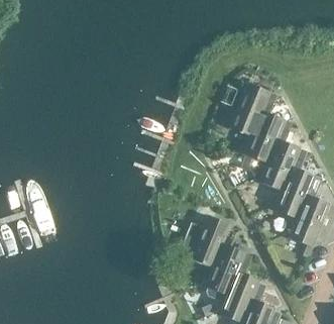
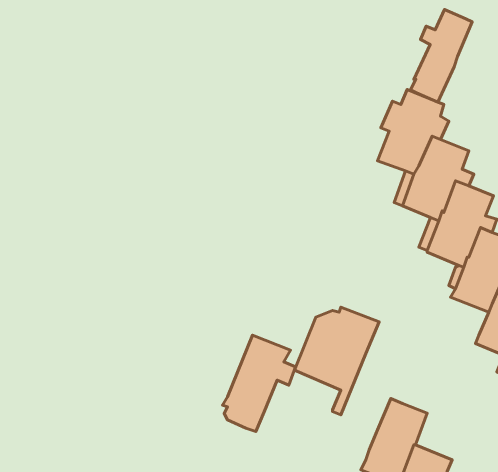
building: none -> [410,10,472,102]
building: [206,243,250,302] -> [223,335,296,432]

